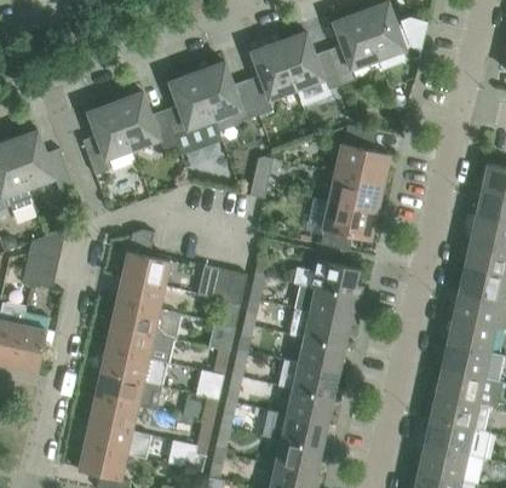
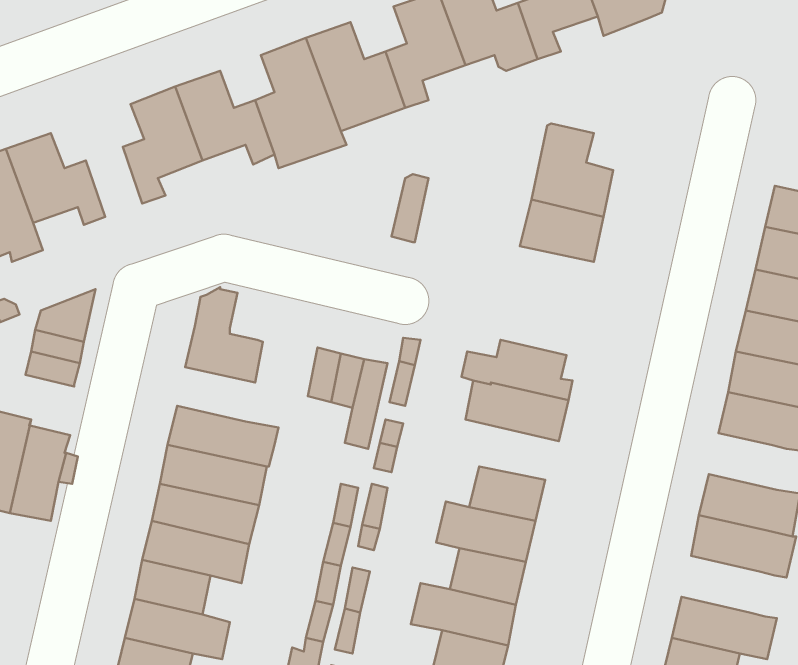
building: [320,201,375,251] -> none
building: [116,276,165,310] -> none
building: [289,309,353,346] -> none
building: [447,317,495,352] -> none
building: [430,394,488,431] -> none

